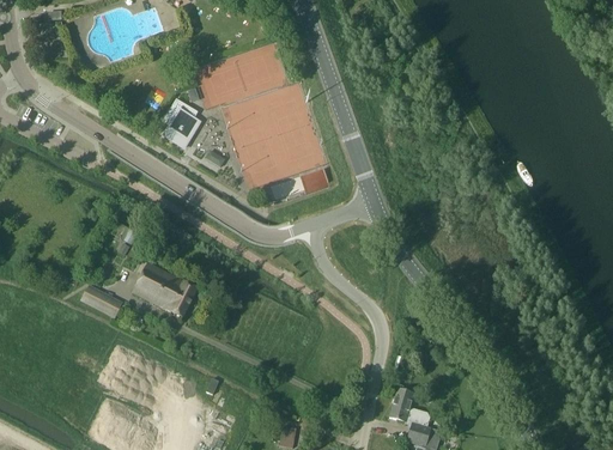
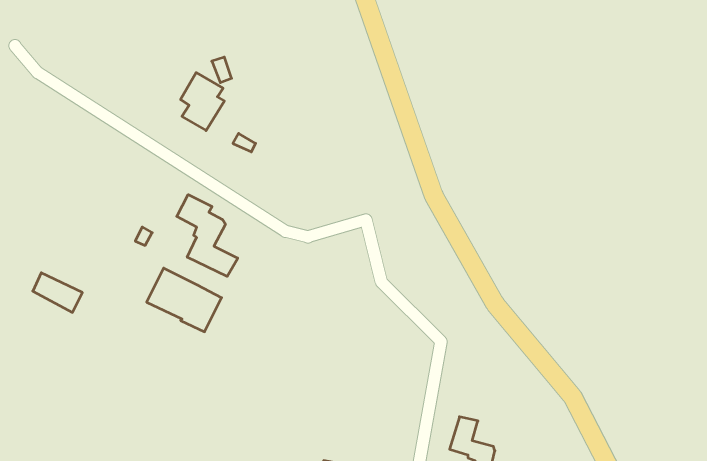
building: none -> [177,195,238,276]
building: [80,285,122,318] -> [33,273,82,312]

